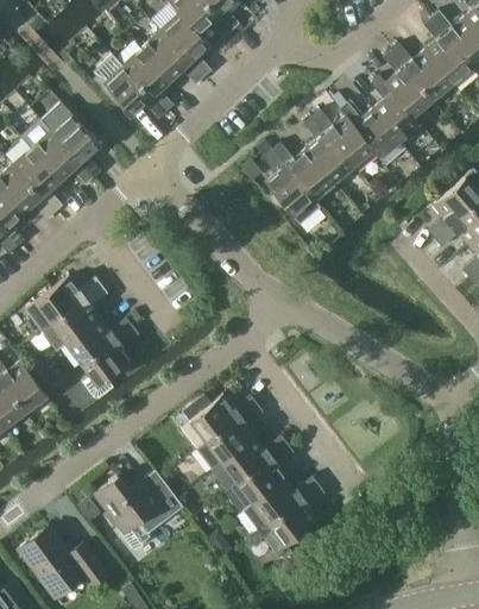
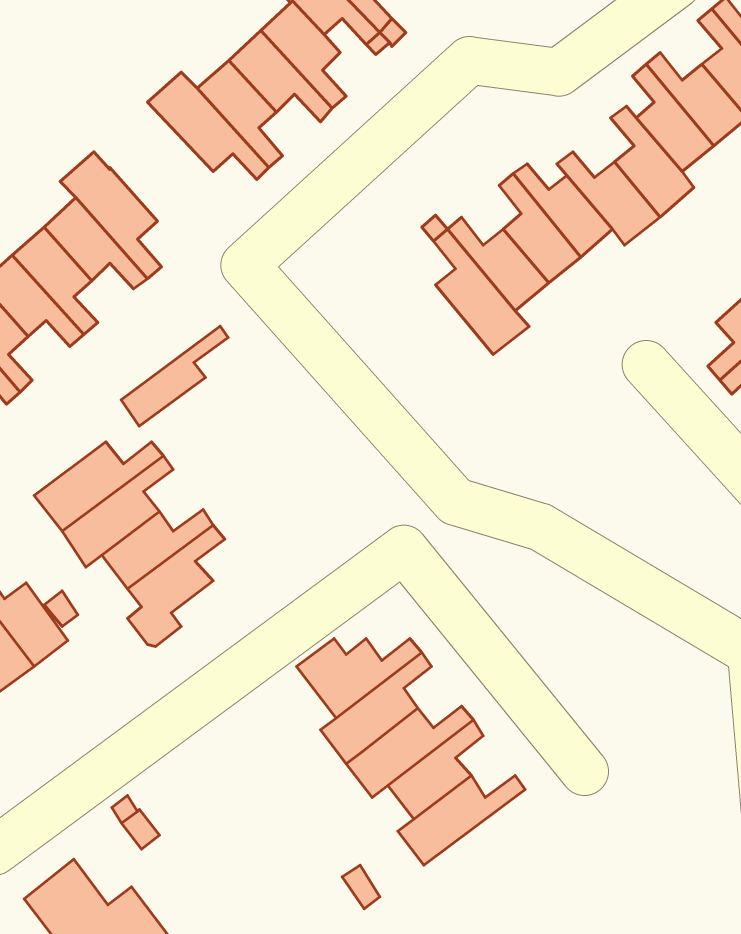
building: none -> [121,326,228,426]
building: [94,471,183,551] -> none
building: [258,485,326,552] -> none

